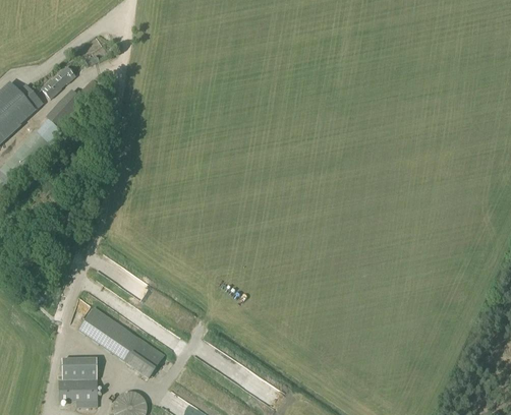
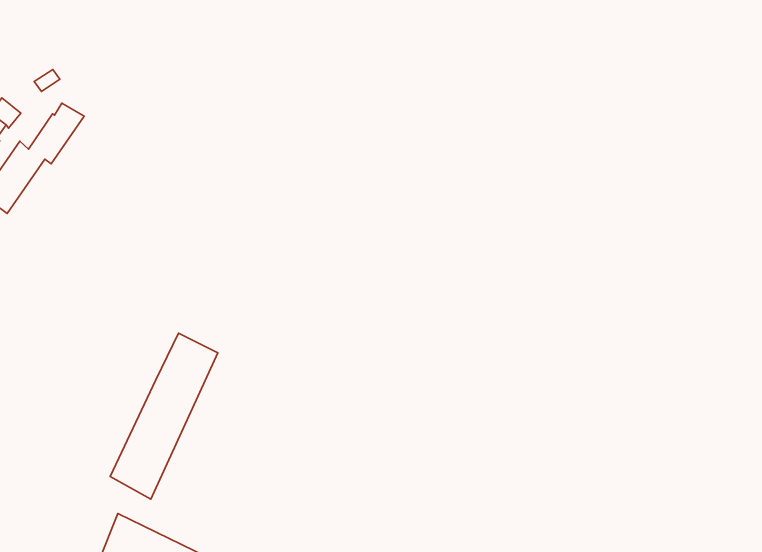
building: none -> [110,333,218,499]

